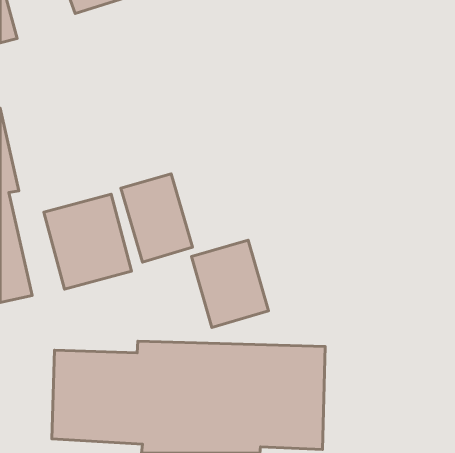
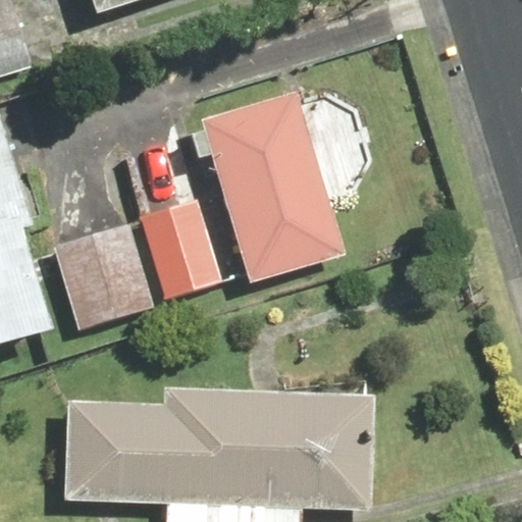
building: none -> [204,93,367,281]
building: [191,240,269,327] -> none

